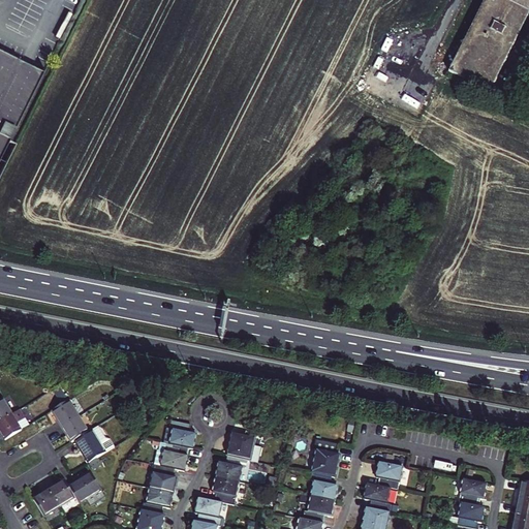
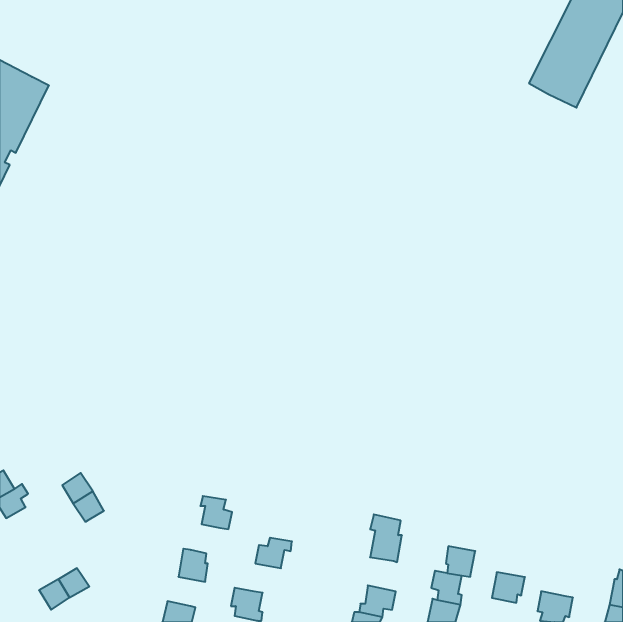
building: [75,424,114,462] -> none
building: [228,432,255,459] -> none
building: [161,442,188,470] -> none
building: [311,471,338,500] -> none
building: [69,473,101,502] -> none
building: [213,476,238,504] -> none
building: [459,478,487,504] -> [492,572,525,603]
building: [142,488,174,512] -> none

